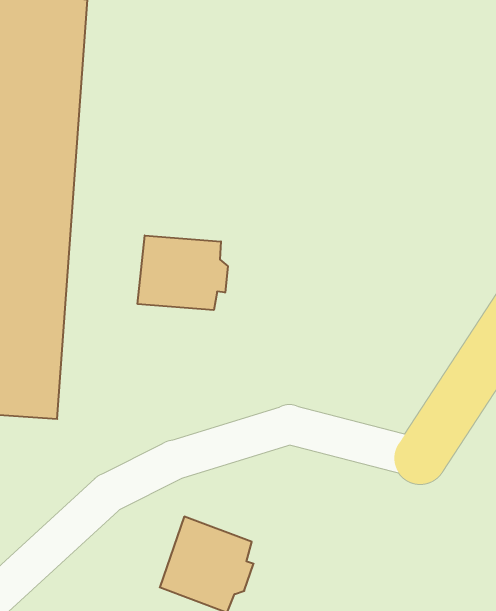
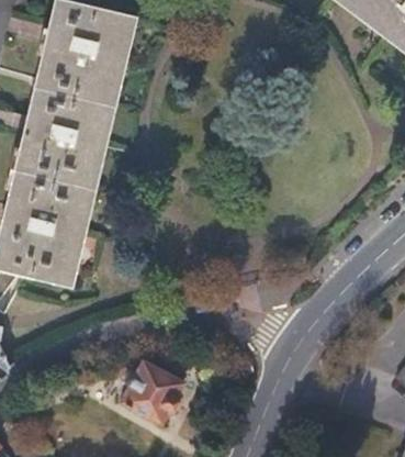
building: [138,235,228,310] -> none

